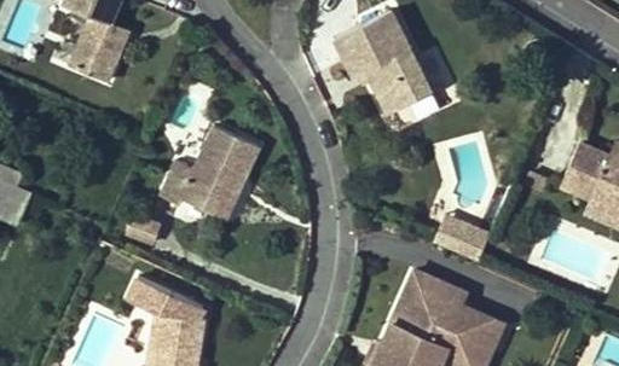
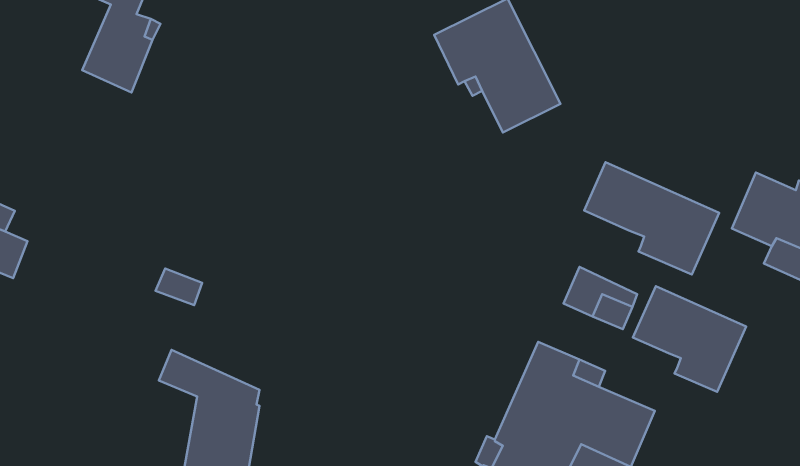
building: [160,126,259,219] -> none
building: none -> [584,162,719,274]
building: none -> [633,286,746,392]

